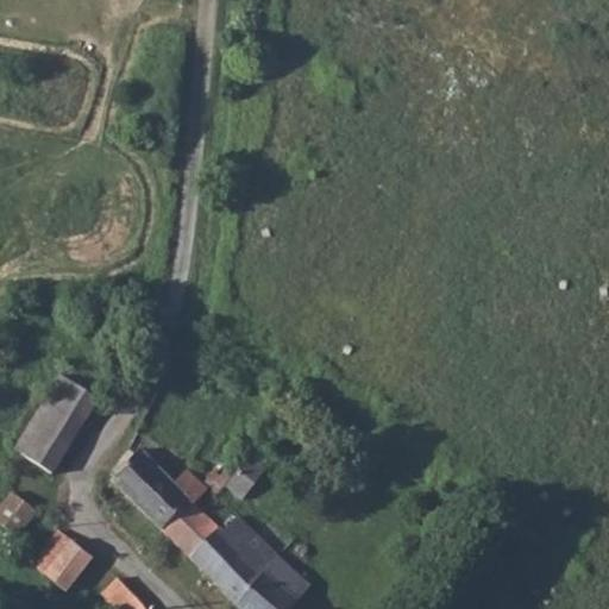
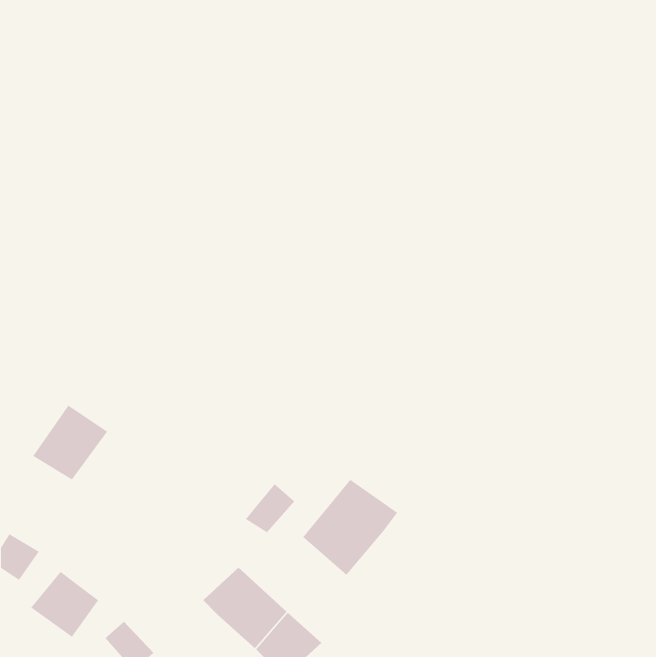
building: [15,422,69,470] -> none
building: none -> [302,479,398,576]
building: [109,448,222,555] -> none

